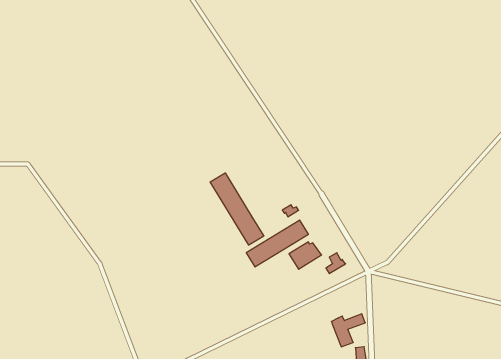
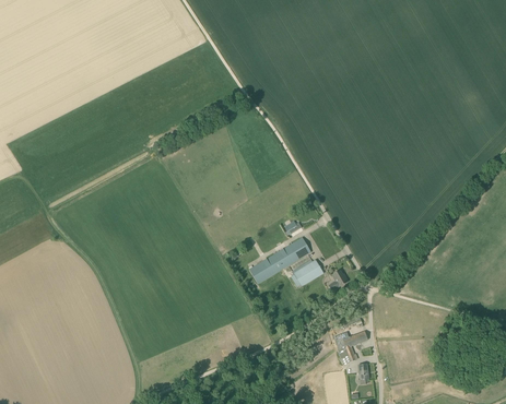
building: [210,173,264,245] -> none

